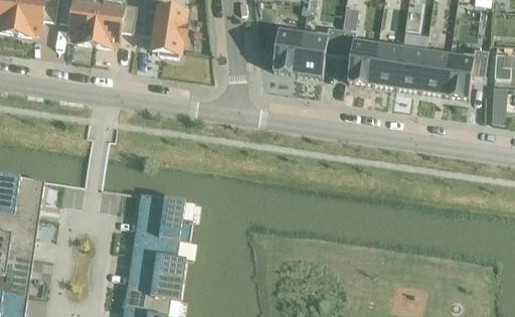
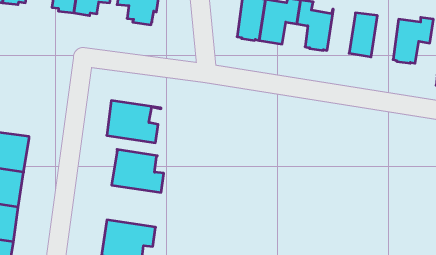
building: [371,39,402,88] -> none
building: [419,46,450,95] -> none
building: [130,232,189,279] -> [107,101,161,143]

